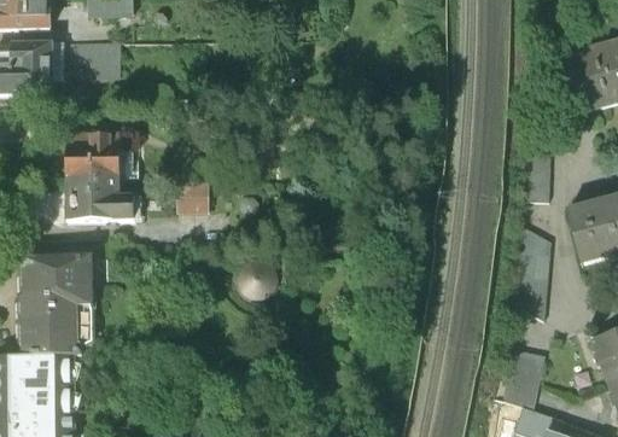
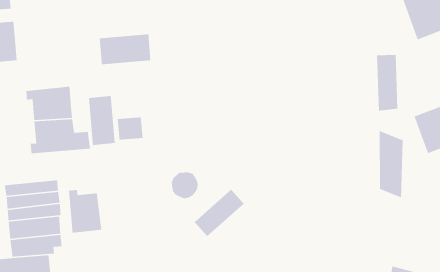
building: [52,42,118,78] -> [99,34,151,65]
building: none -> [88,95,116,146]
building: none -> [68,189,102,233]
building: none -> [194,189,245,237]
building: [502,346,542,408] -> none

